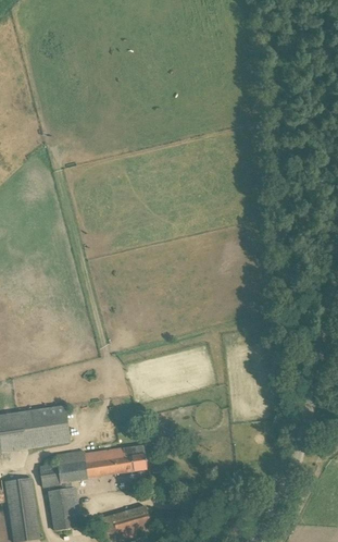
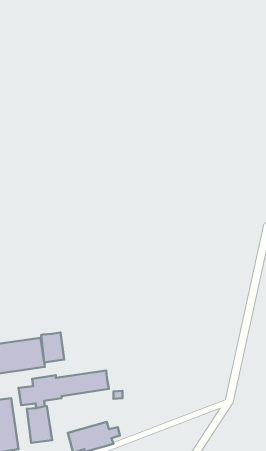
building: none -> [41,332,64,363]

